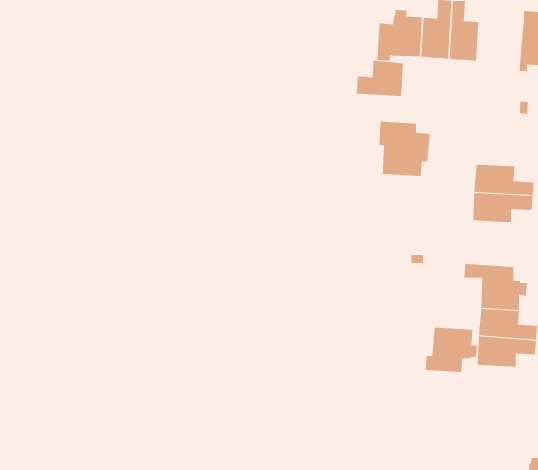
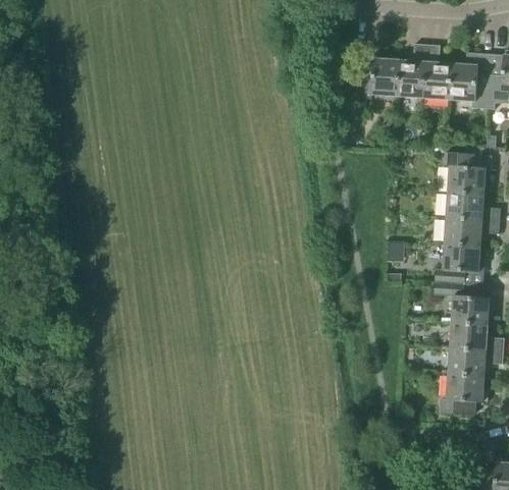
building: none -> [448,52,490,109]
building: [356,60,403,97] -> none
building: [379,121,430,176] -> [444,145,491,195]
building: none -> [437,243,483,285]
building: [425,327,478,372] -> [440,374,488,415]

